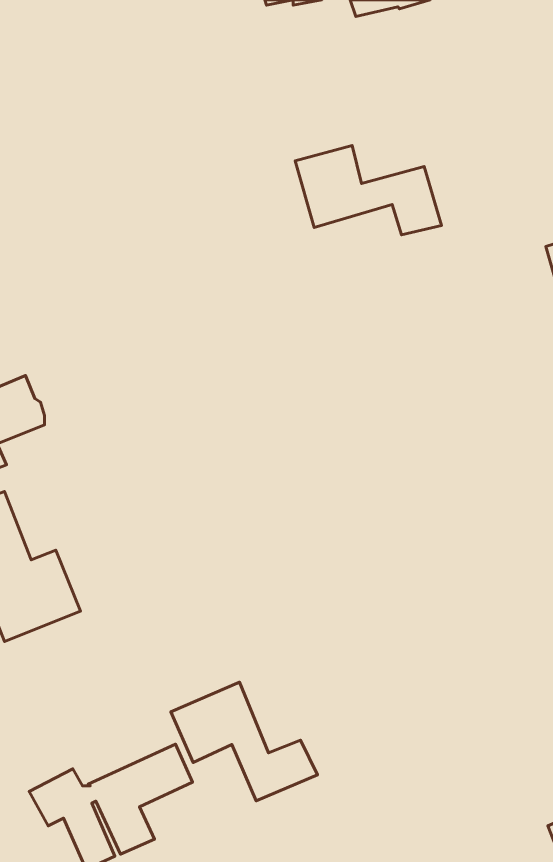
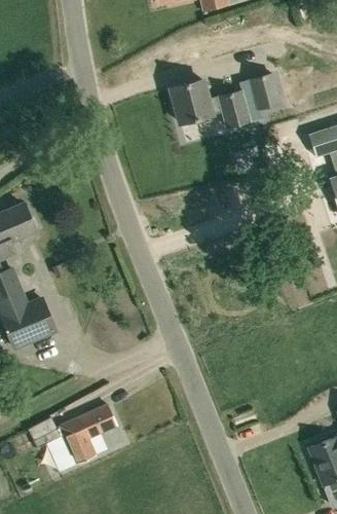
building: none -> [249,72,283,111]
building: [171,682,317,801] -> none

